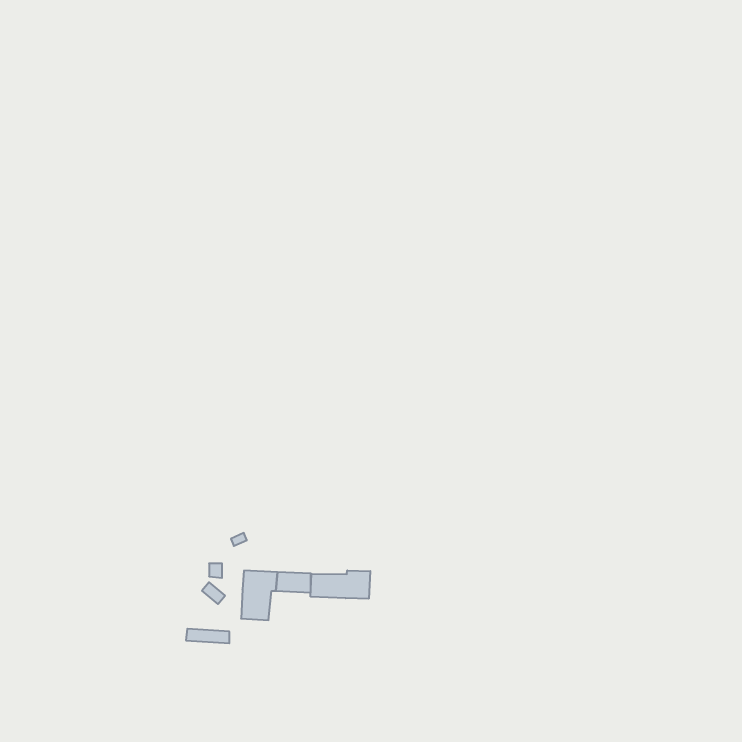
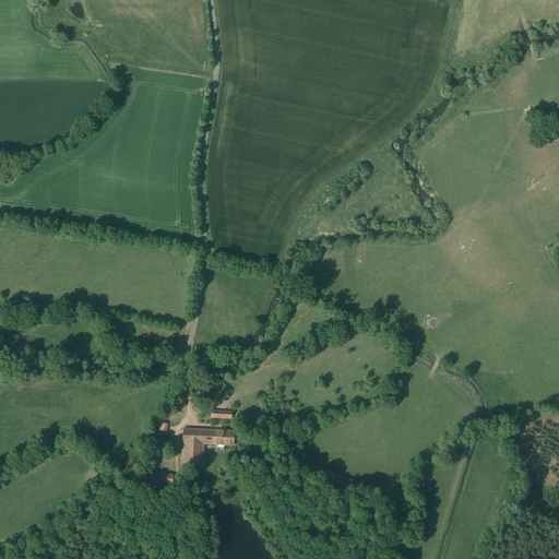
building: [311,570,370,599] -> none

